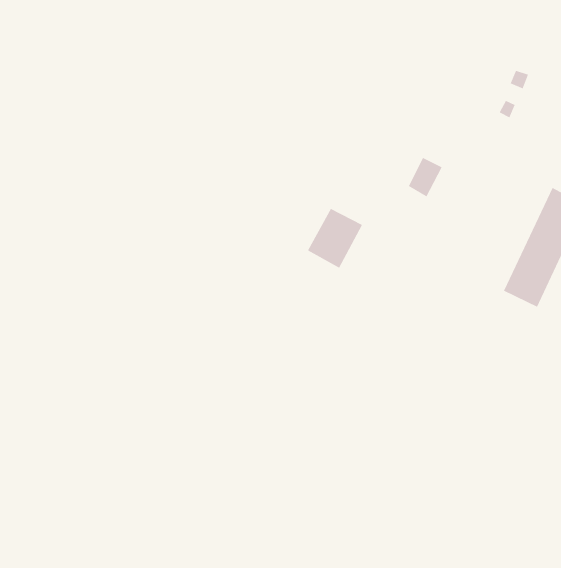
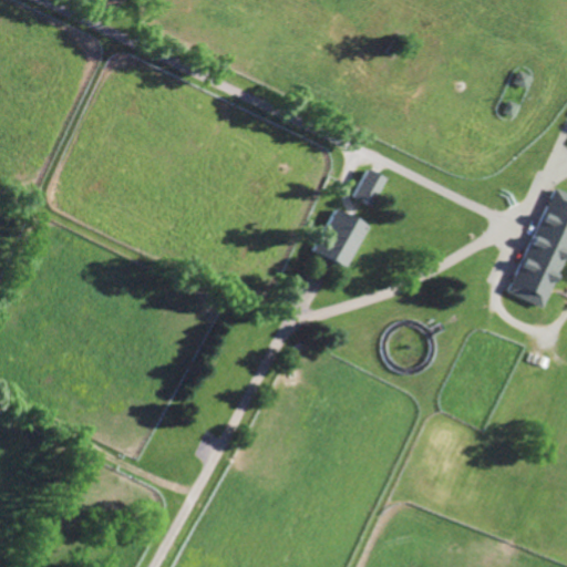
building: [408,157,443,197] -> [353,168,388,208]

